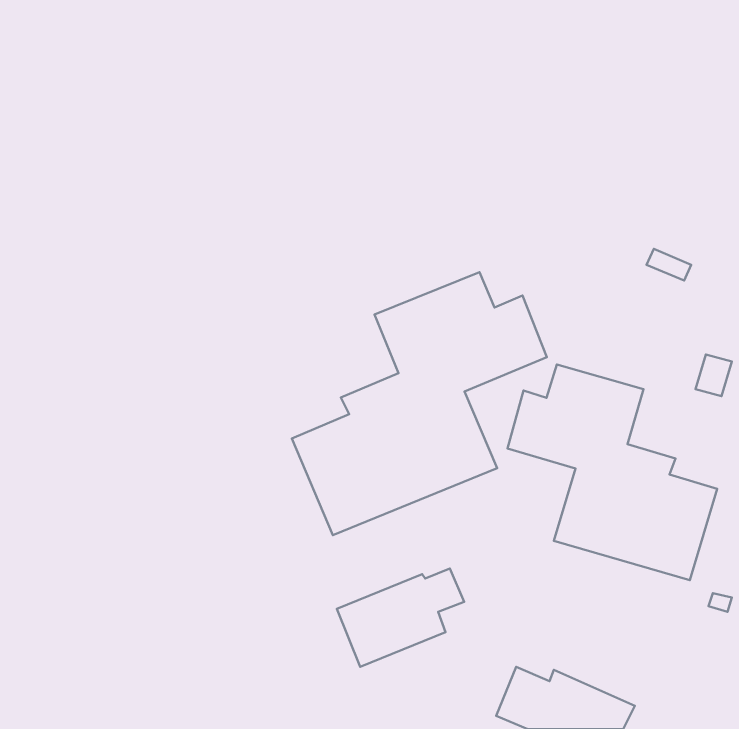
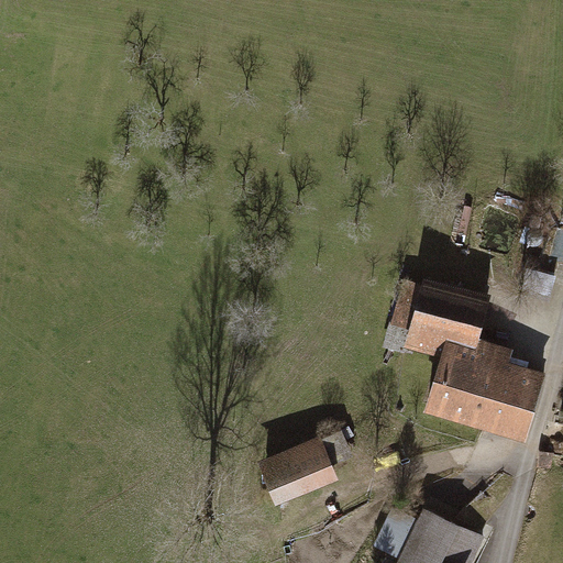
building: [292,272,547,535] -> none

